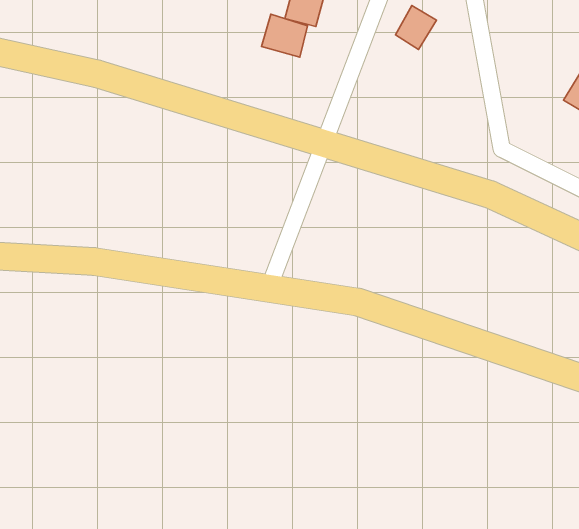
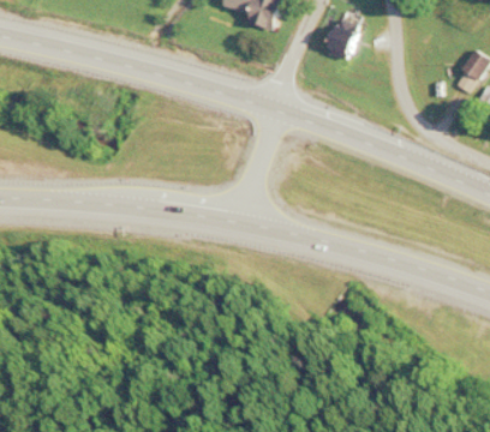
building: [262,14,308,57] -> none

